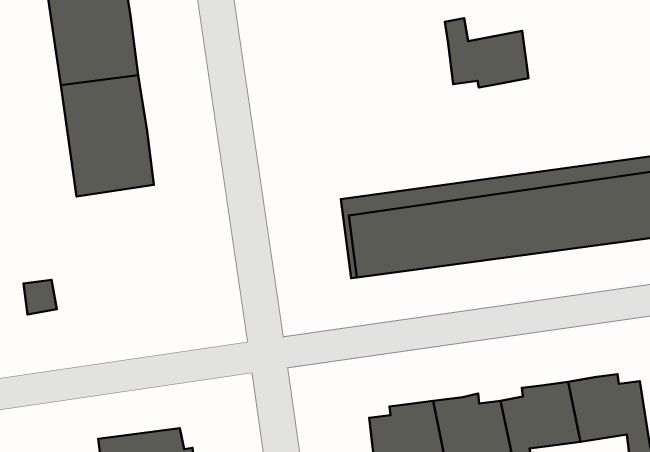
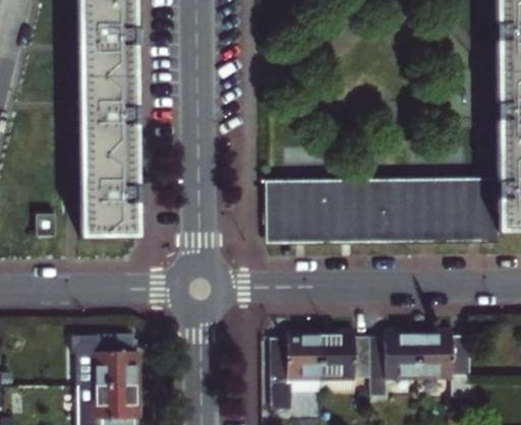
building: [445,18,529,87] -> none
building: none -> [81,155,138,235]

